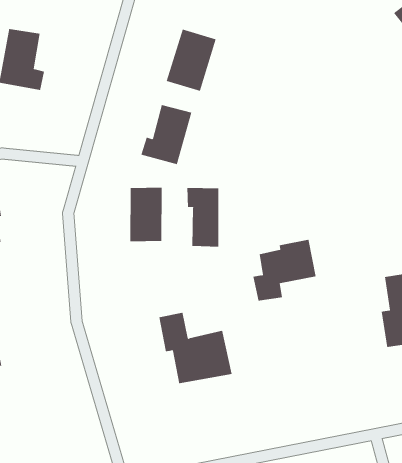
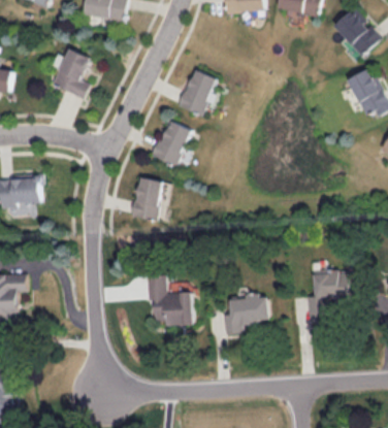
building: [187,187,219,248] -> none
building: [252,239,317,301] -> [222,294,268,333]

